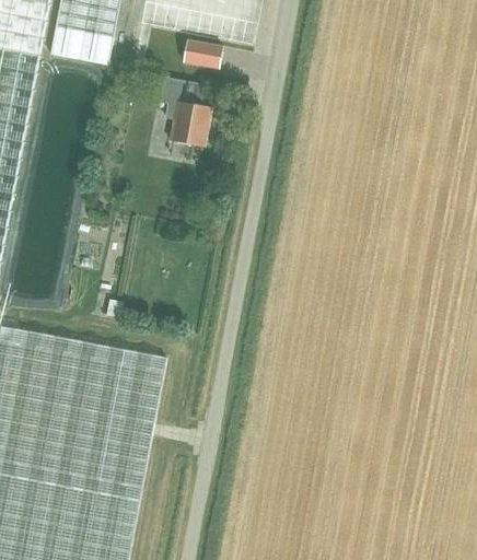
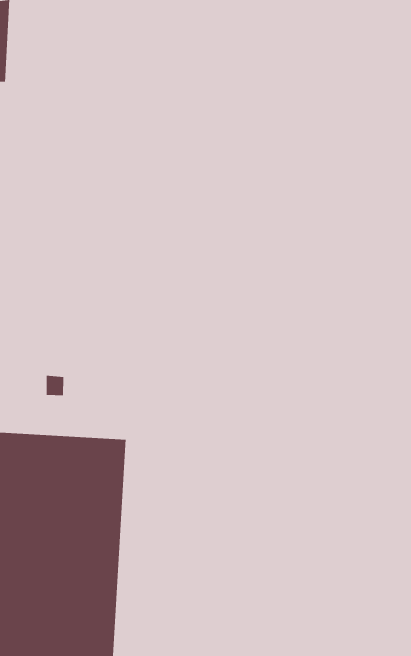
building: [184,42,223,70] -> none
building: [161,79,212,149] -> none

